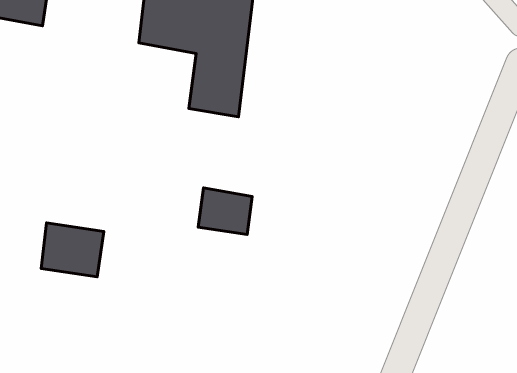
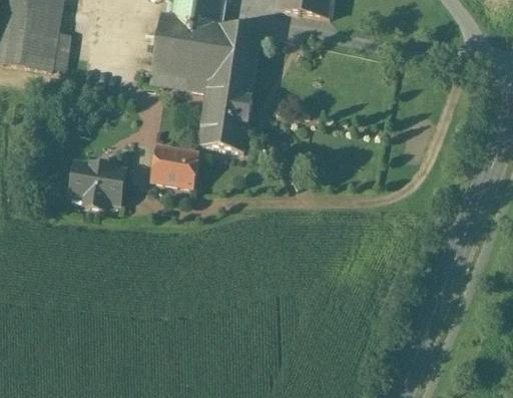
building: [198,188,252,235] -> [146,147,197,191]
building: [41,223,104,277] -> [69,155,128,207]

